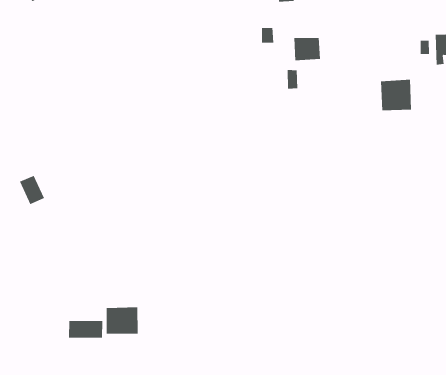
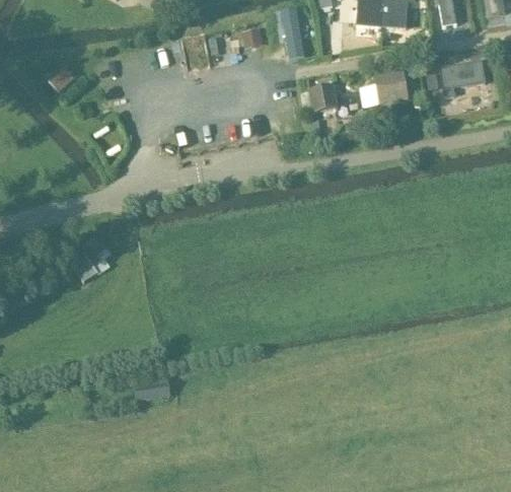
building: [380,79,412,111] -> [374,70,408,103]
building: [106,306,138,334] -> none

